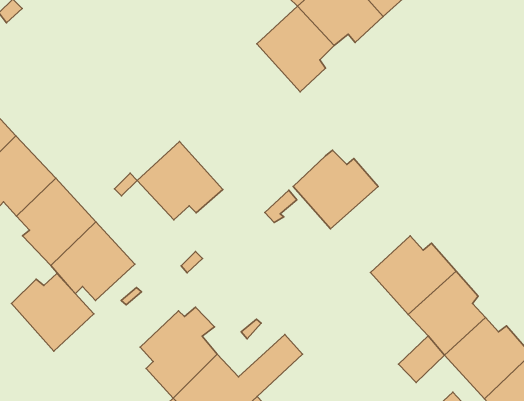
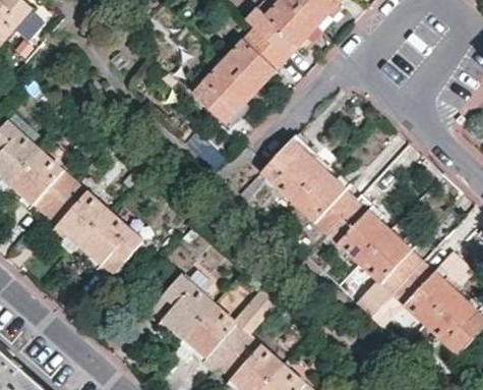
building: [137,142,223,220] -> [192,61,260,123]
building: none -> [294,165,357,233]
building: [11,274,94,351] -> none

